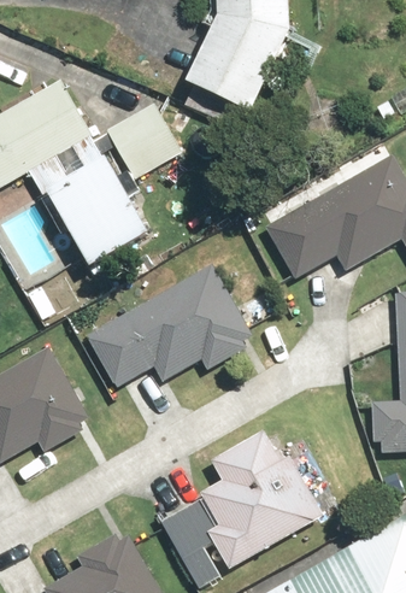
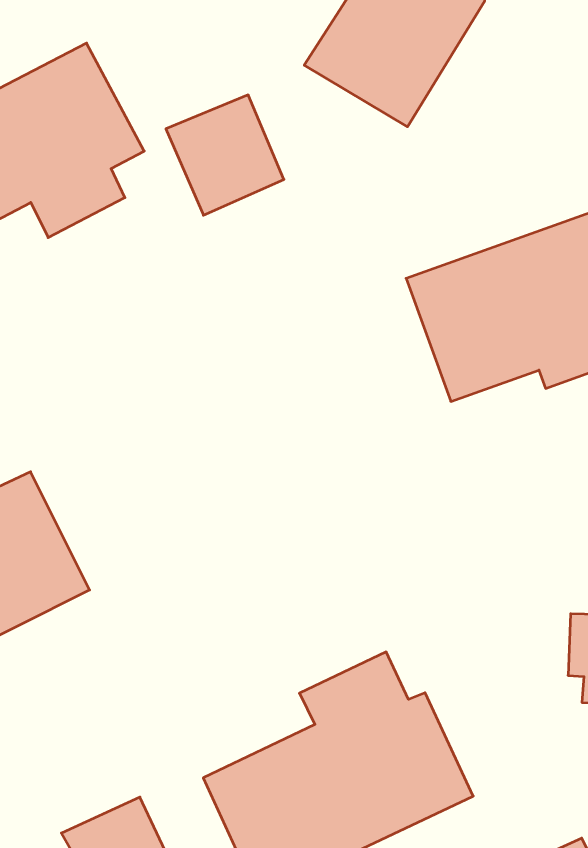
building: [54,162,152,265] -> none
building: [84,263,254,387] -> none

